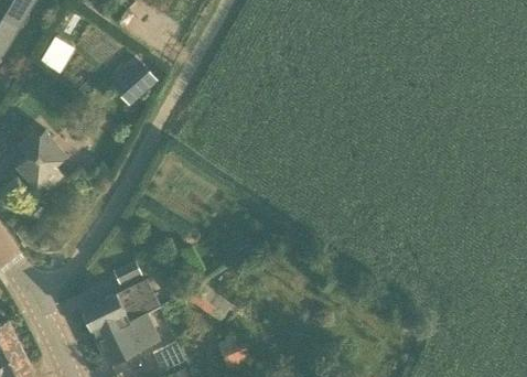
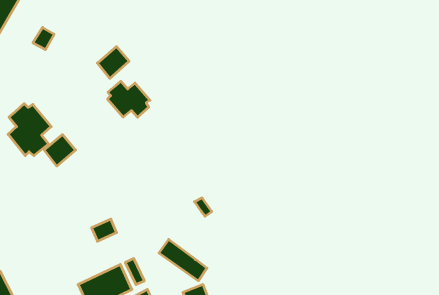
building: none -> [108,81,150,117]
building: none -> [44,135,76,166]
building: [83,279,157,336] -> none

